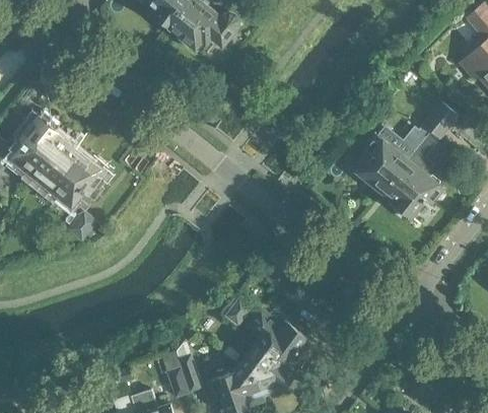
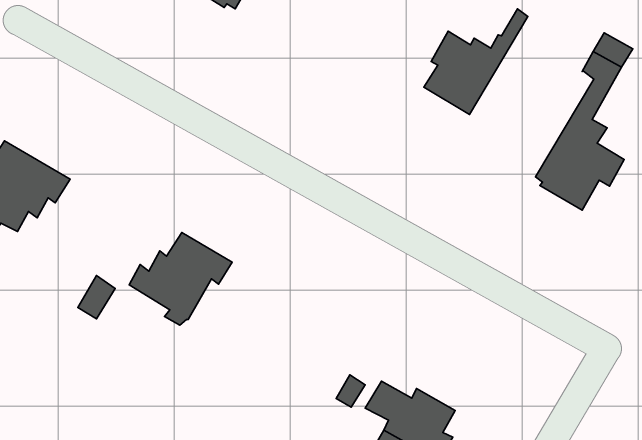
building: [355,124,430,189] -> [424,9,528,114]
building: [37,146,107,207] -> [129,232,232,325]

